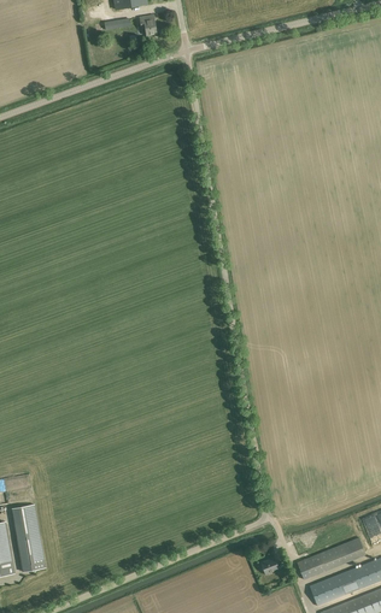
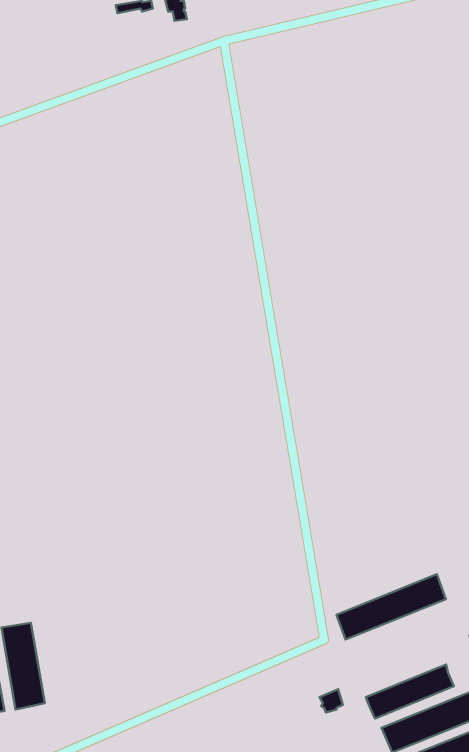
building: none -> [337,574,446,640]

